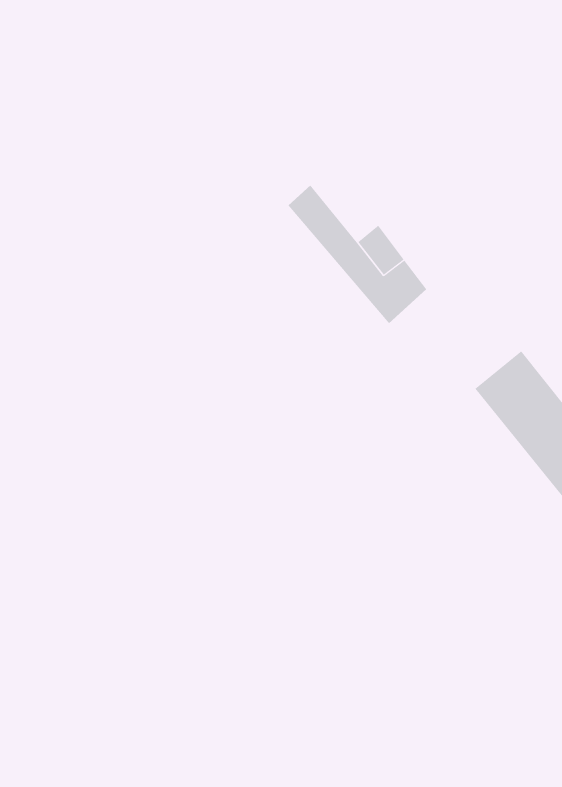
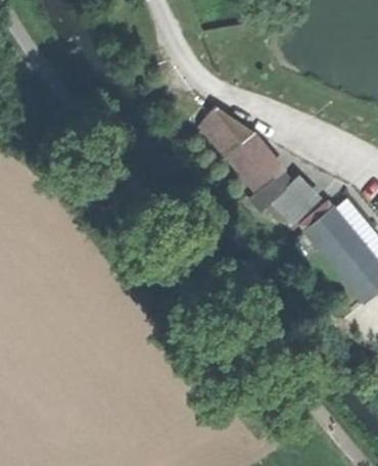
building: none -> [270,177,318,225]

